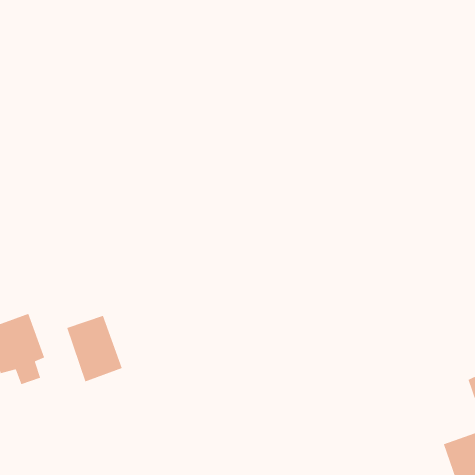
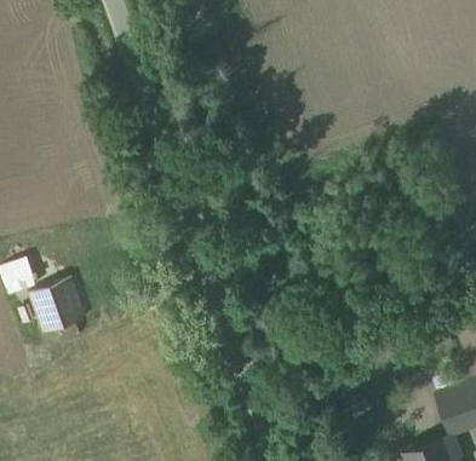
building: [66,315,123,382] -> none

